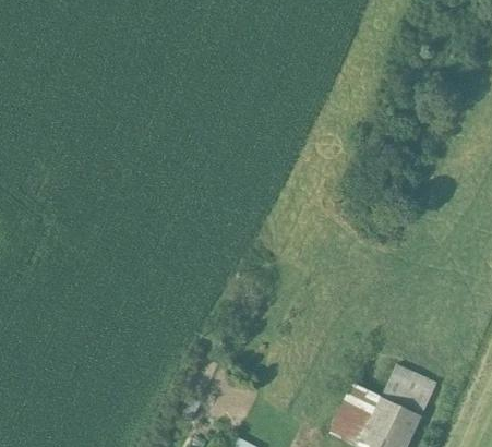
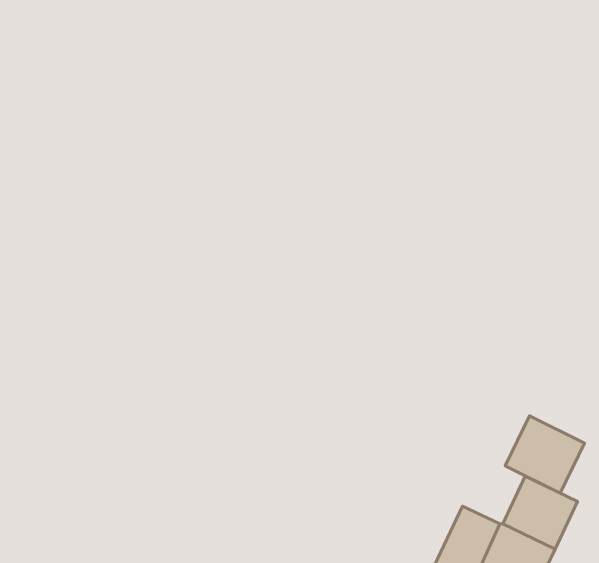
building: none -> [505,416,584,493]

